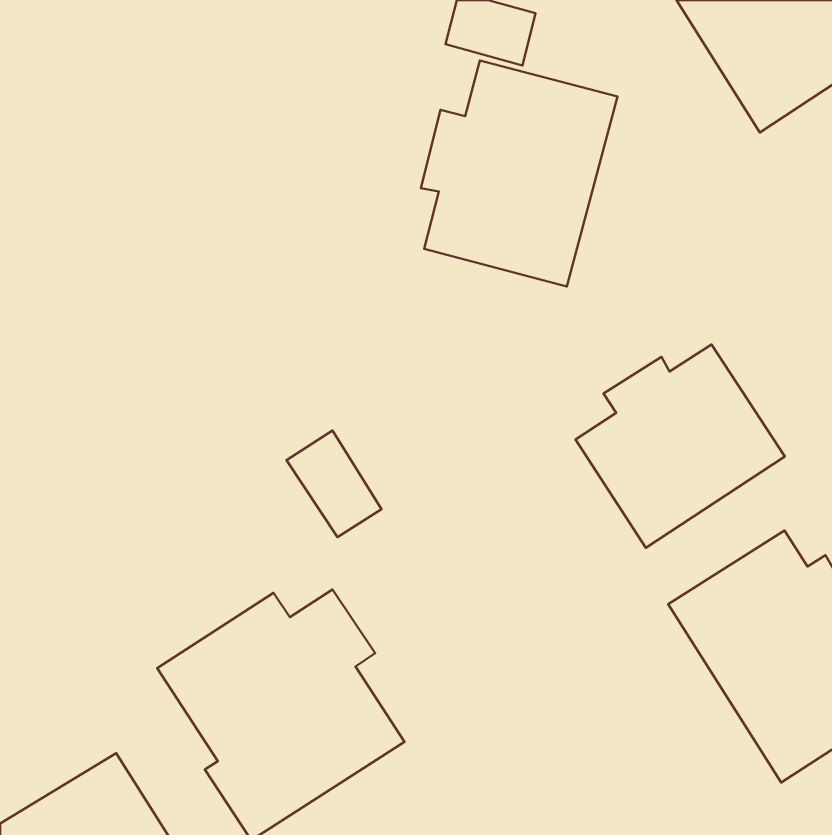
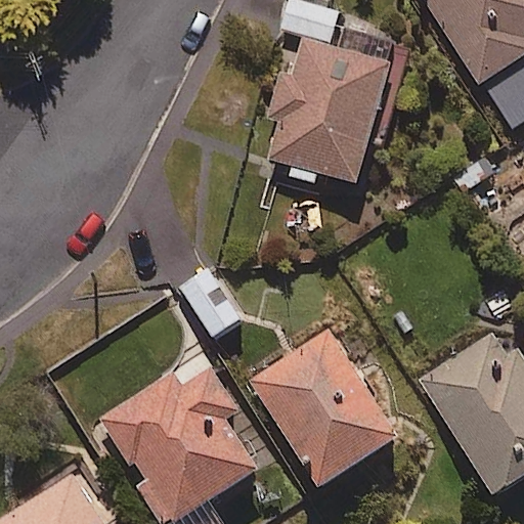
building: [576,344,785,548] -> none
building: none -> [249,330,396,485]

